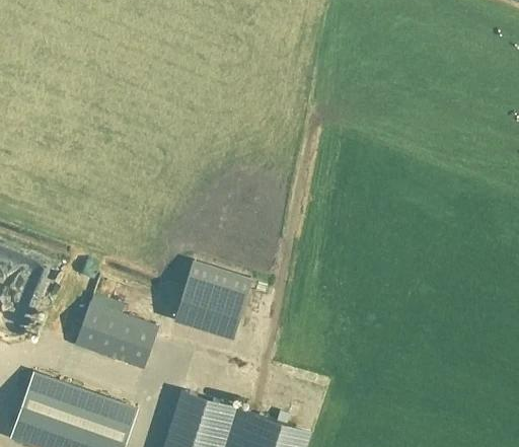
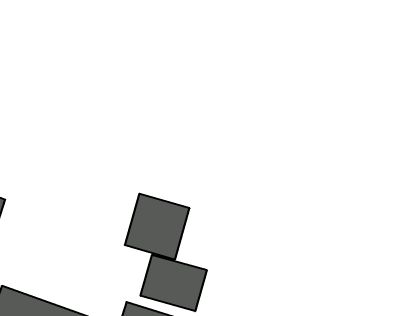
building: [72,302,157,370] -> none
building: none -> [141,255,207,311]

